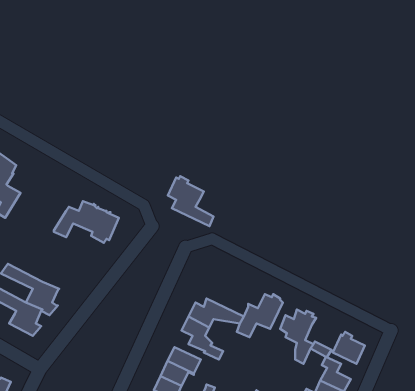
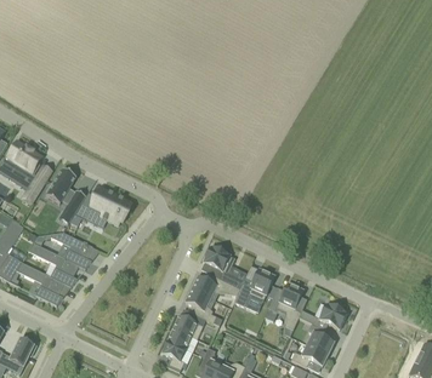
building: [168,176,213,226] -> [204,245,244,288]
building: none -> [46,170,85,213]
building: none -> [51,231,92,269]

